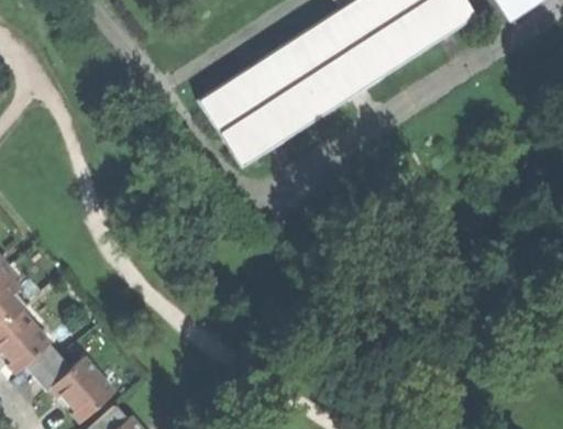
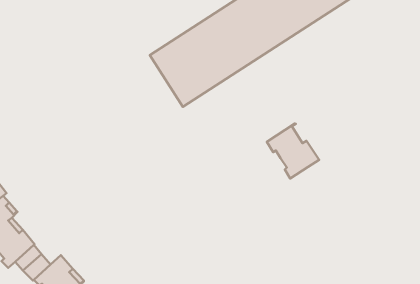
building: none -> [267,124,319,178]

